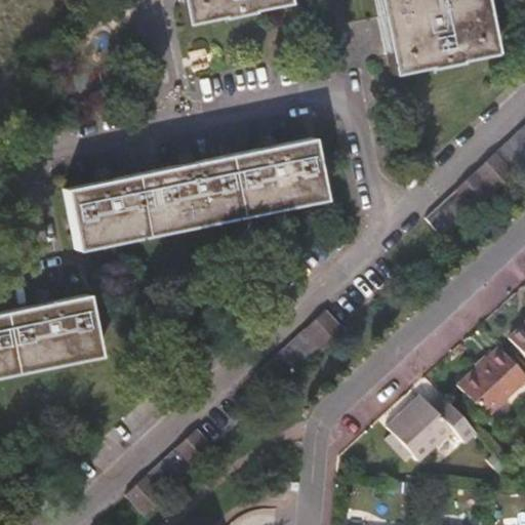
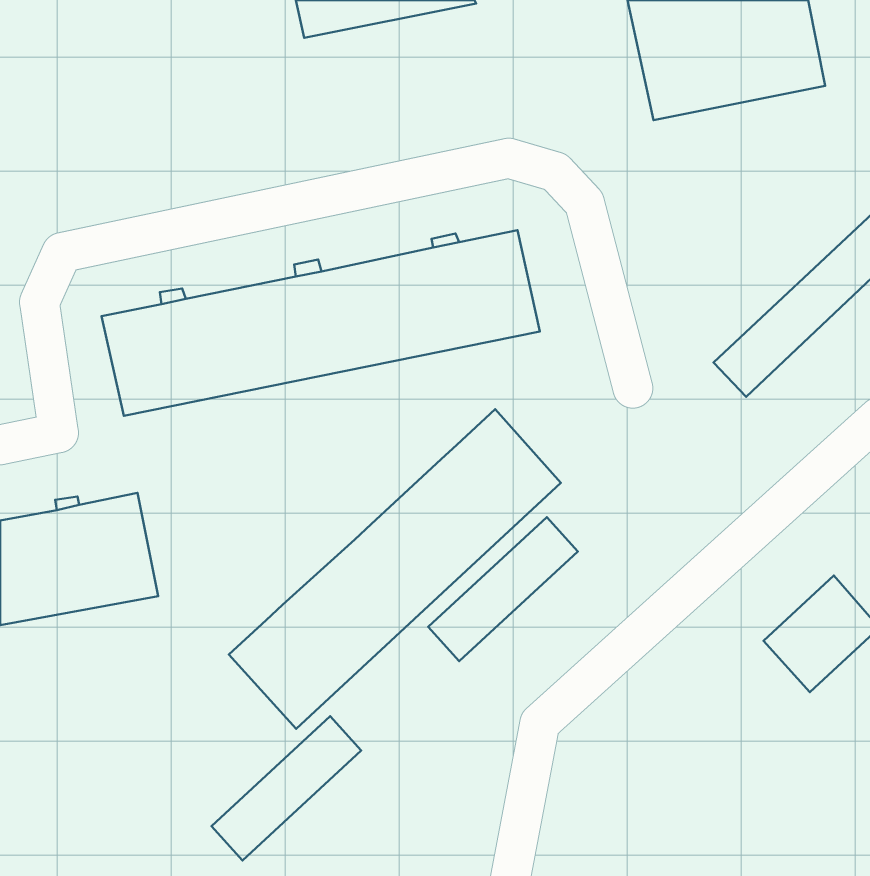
building: none -> [229,409,561,729]
building: [388,391,480,459] -> none

